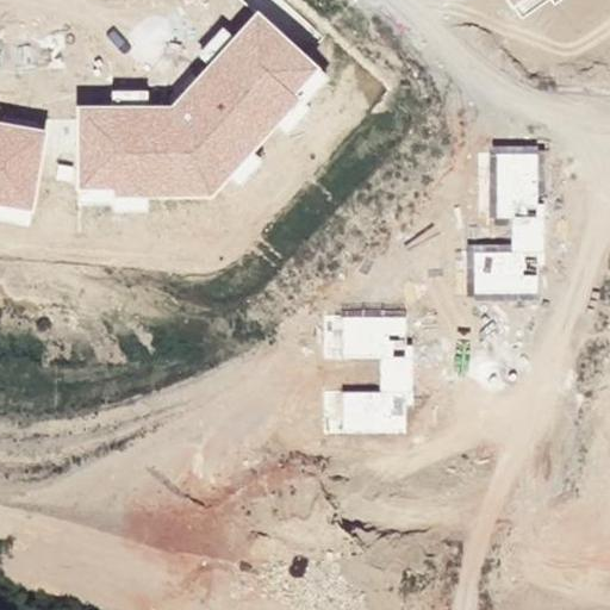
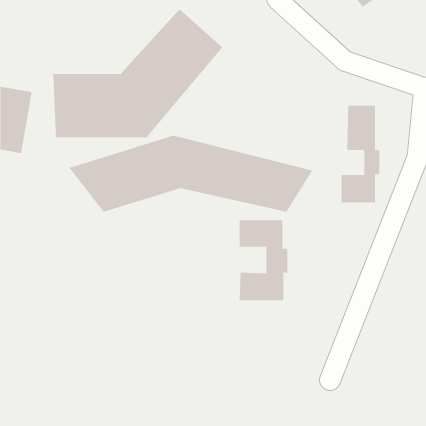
building: none -> [69,135,313,213]

